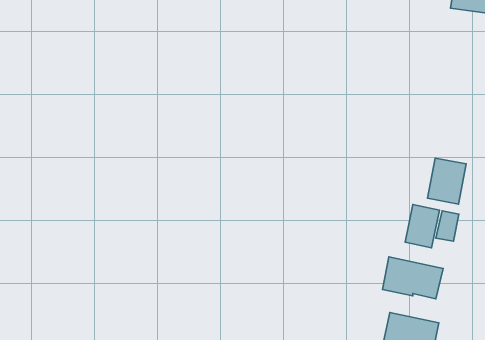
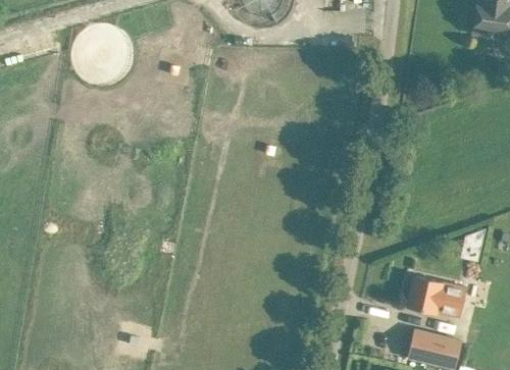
building: [428,158,466,204] -> none
building: [405,204,440,248] -> none

